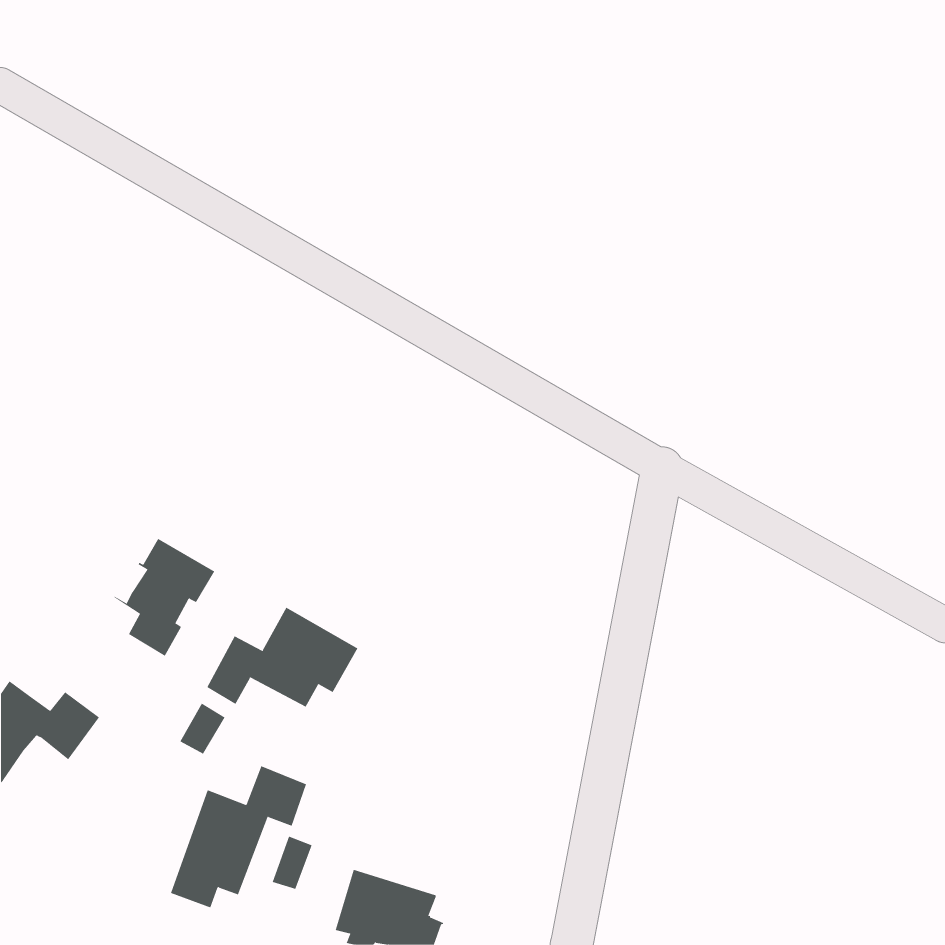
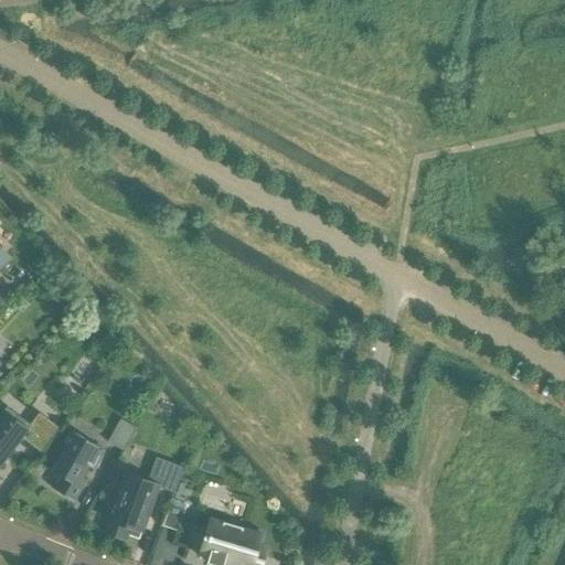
building: [113,538,215,656] -> [44,431,105,502]
building: [206,607,358,707] -> none

